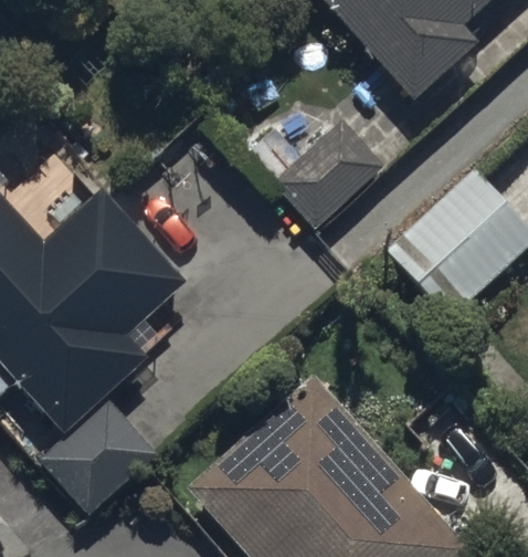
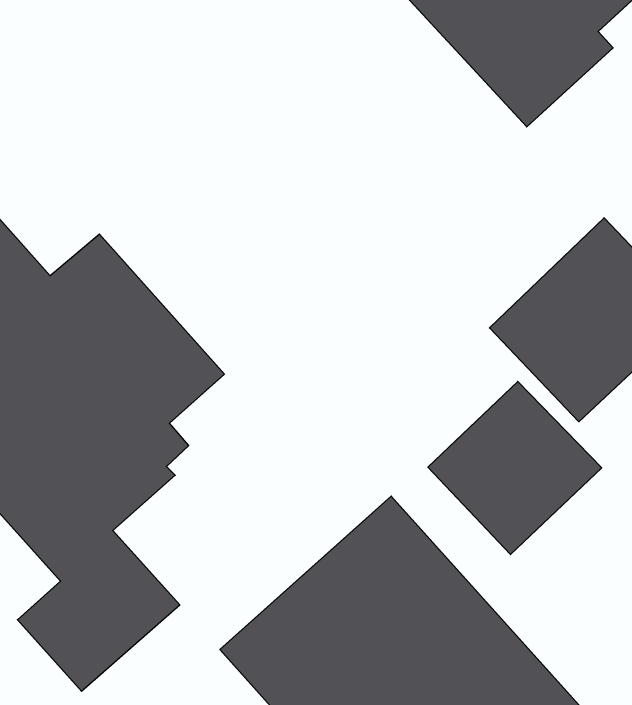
building: [250,120,387,232] -> none
building: none -> [428,381,602,555]

